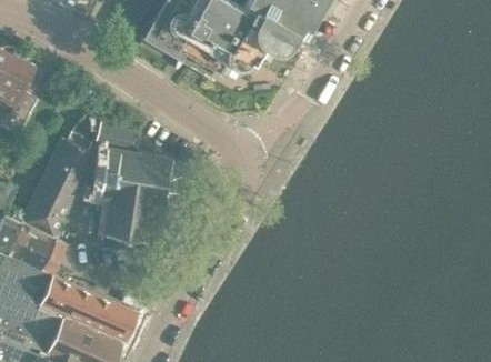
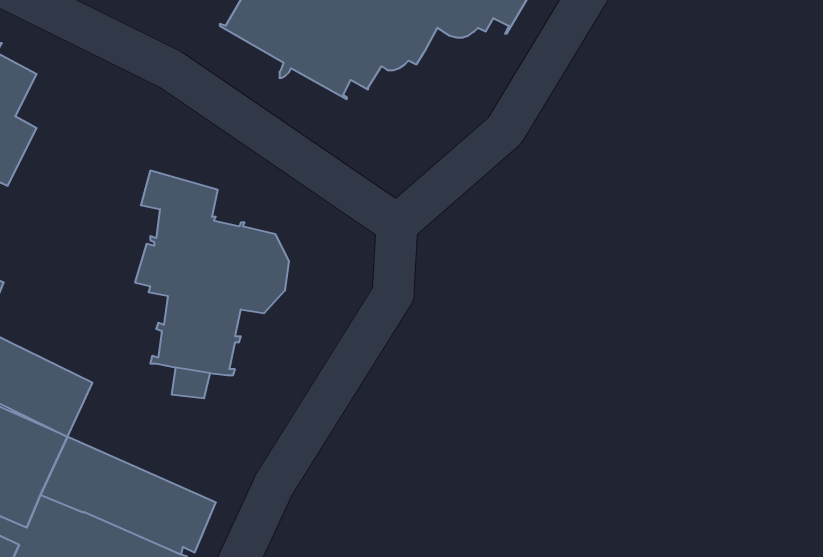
building: [19,112,96,239] -> none

